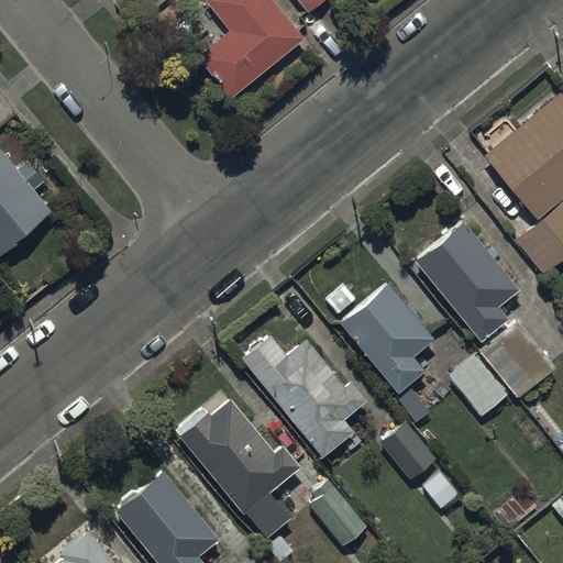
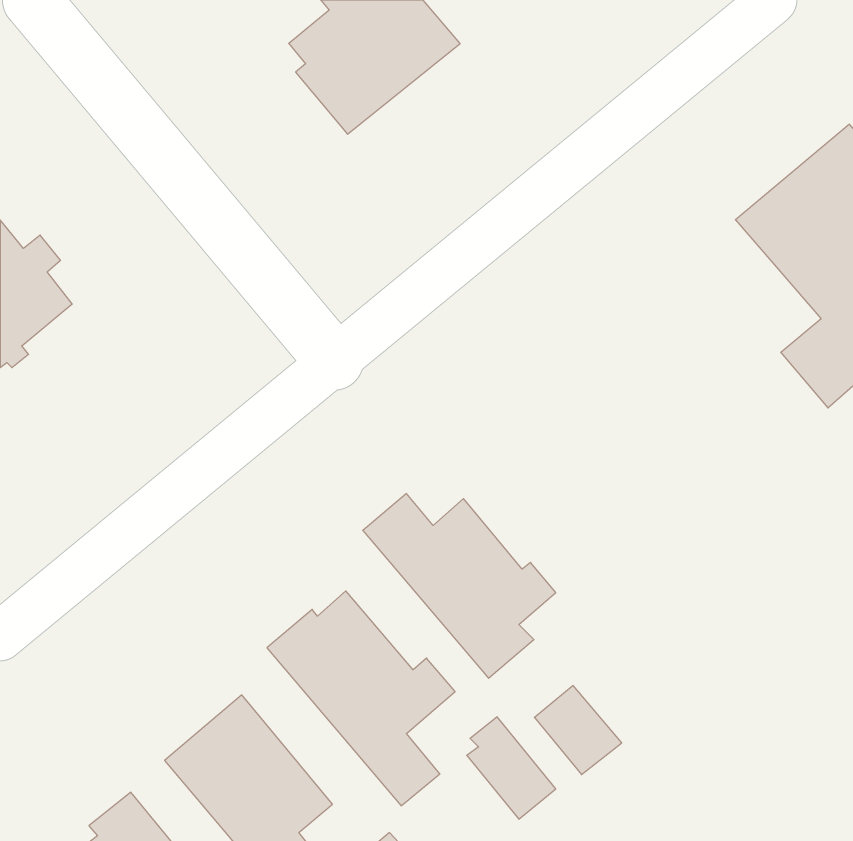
building: [416,220,519,341] -> none
building: [339,283,433,426] -> none
building: [452,325,554,419] -> none
building: [380,423,438,482] -> [534,686,622,775]

